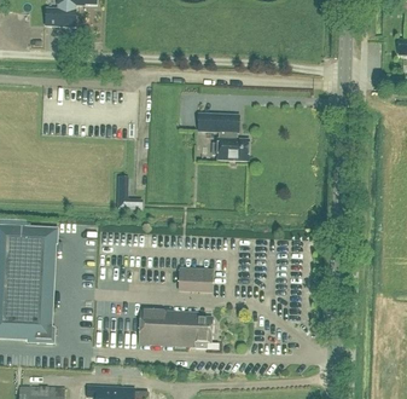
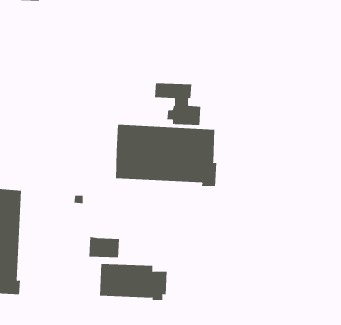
building: none -> [115,124,217,187]
building: [178,266,211,289] -> [89,237,120,258]

